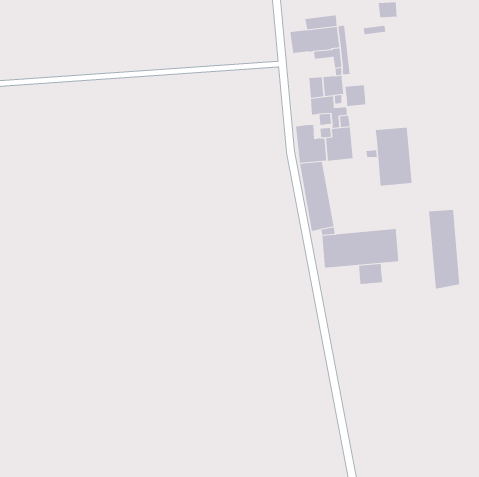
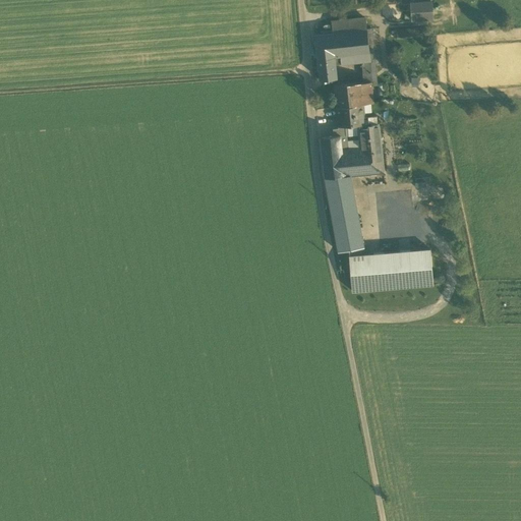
building: none -> [317,58,337,81]
building: [345,84,366,107] -> none
building: [375,127,412,186] -> none
building: [429,209,460,290] -> none
building: [358,263,383,285] -> none

